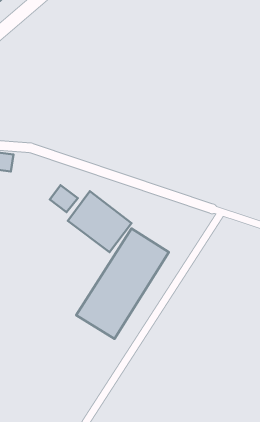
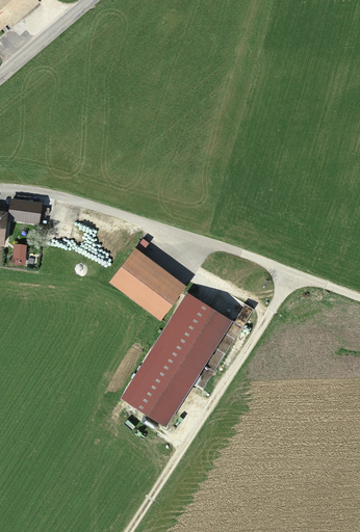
building: [50,185,78,212] -> none

